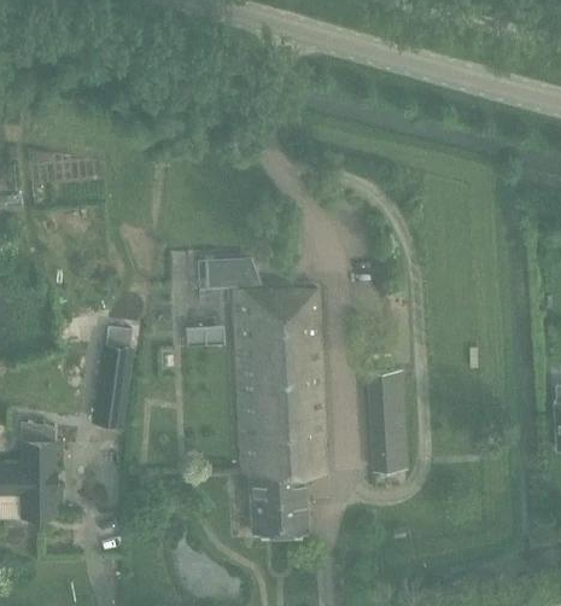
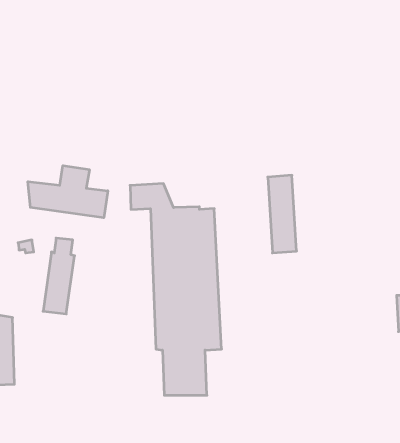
building: none -> [28,166,108,218]
building: [368,371,405,472] -> [268,175,297,253]

